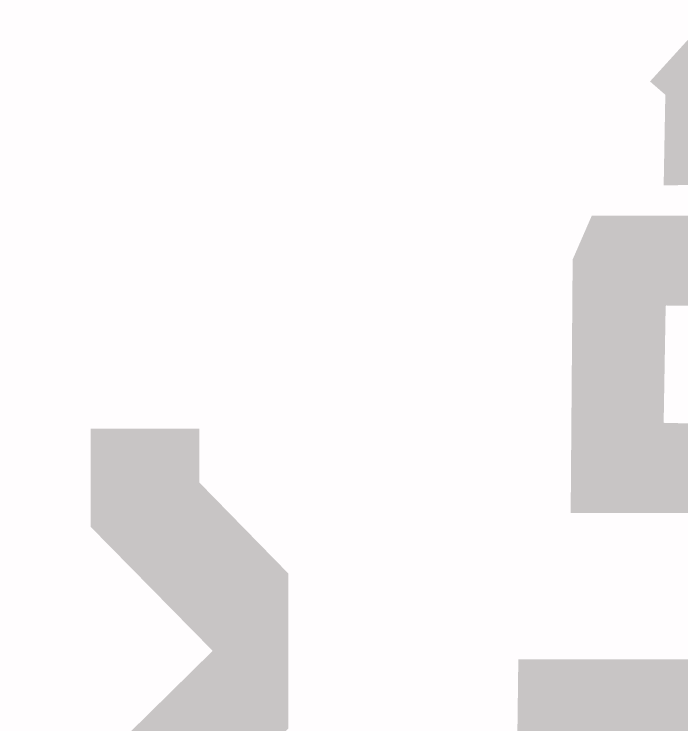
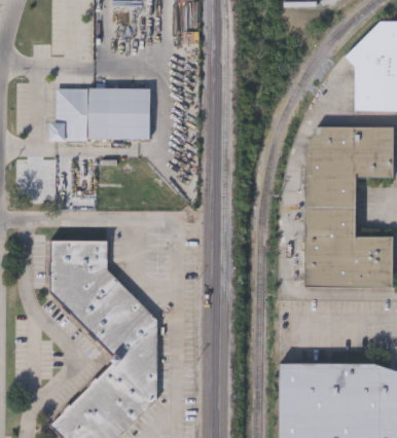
building: none -> [48,87,149,139]

